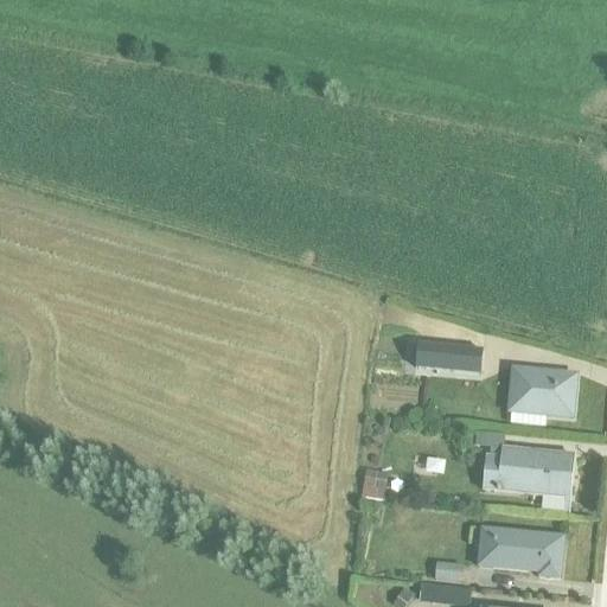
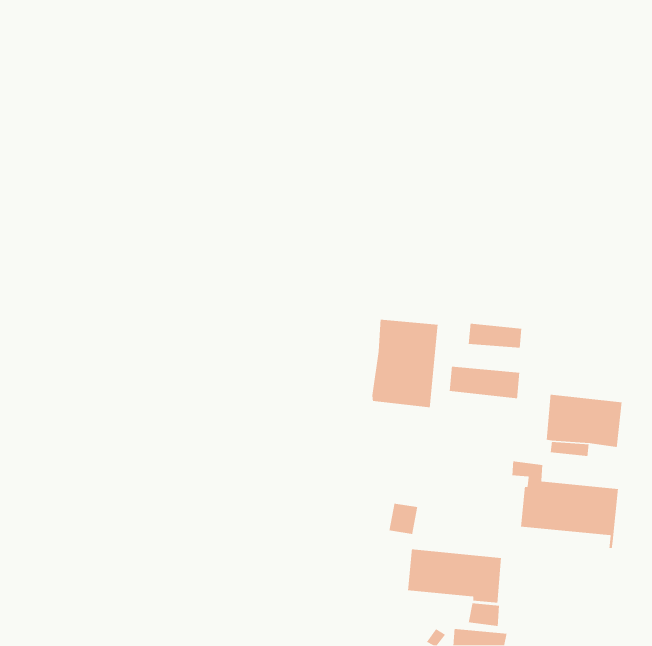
building: none -> [372,319,439,408]
building: none -> [468,323,522,349]
building: [477,525,564,576] -> [407,549,502,604]

